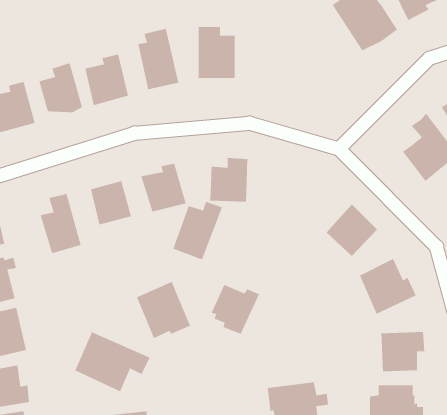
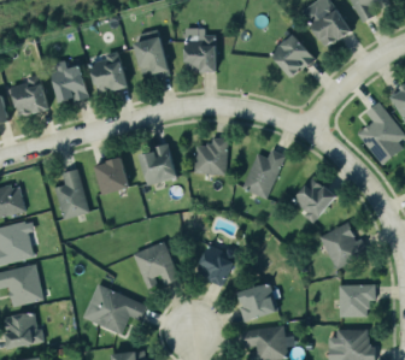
building: none -> [269,33,315,78]
building: [172,201,223,260] -> [243,151,286,200]
building: none -> [239,283,278,323]

